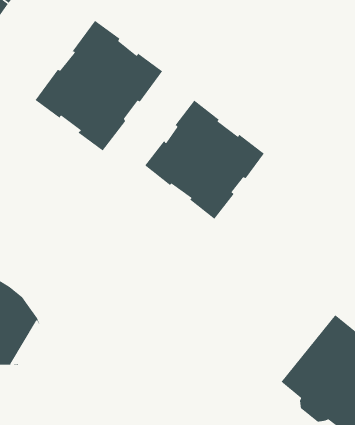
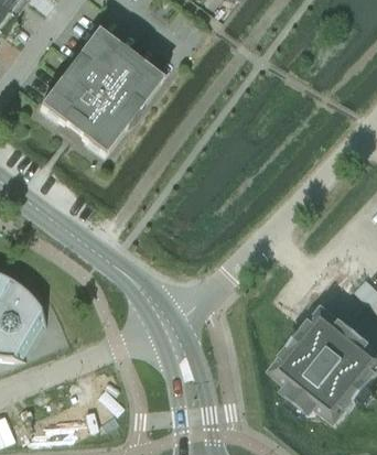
building: [144,100,265,220] -> none

